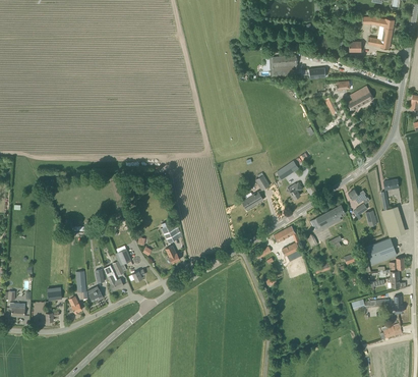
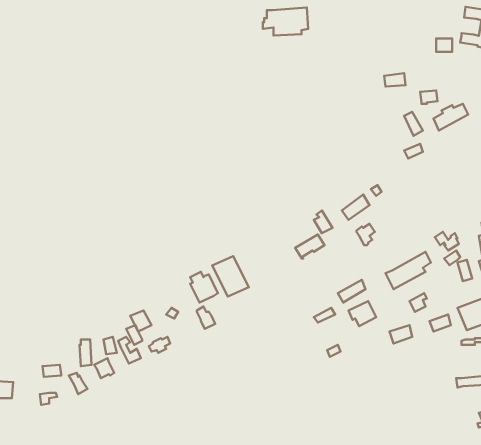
building: [262,55,297,76] -> [263,7,308,35]
building: none -> [212,256,249,297]

